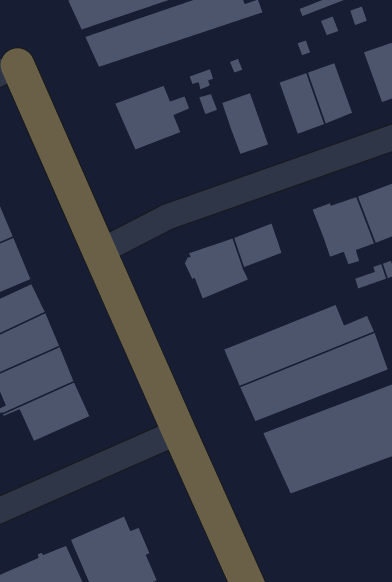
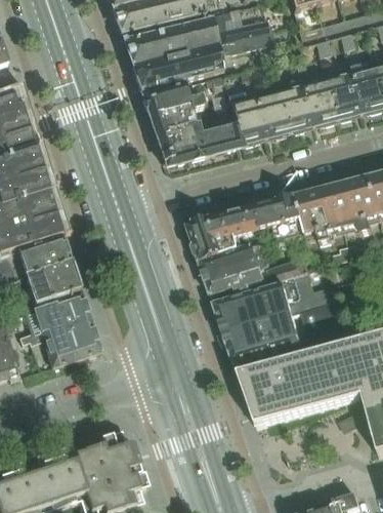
building: none -> [133,30,278,88]
building: none -> [326,70,360,119]
building: none -> [255,88,290,139]
building: none -> [157,121,242,162]
building: none -> [263,194,303,228]
building: none -> [200,241,310,295]

